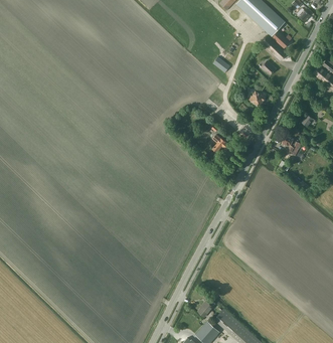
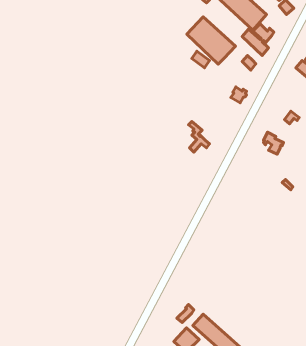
building: none -> [187,17,236,64]

